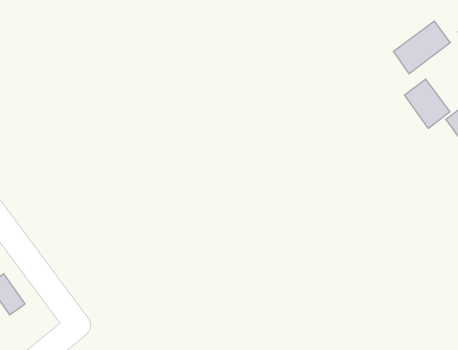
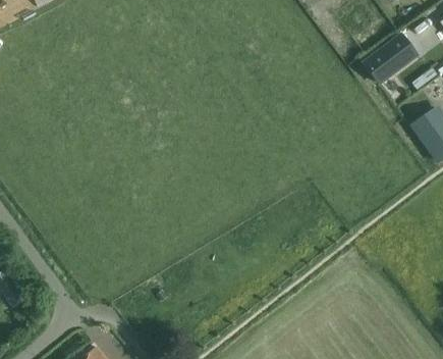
building: [404,79,450,128] -> none

